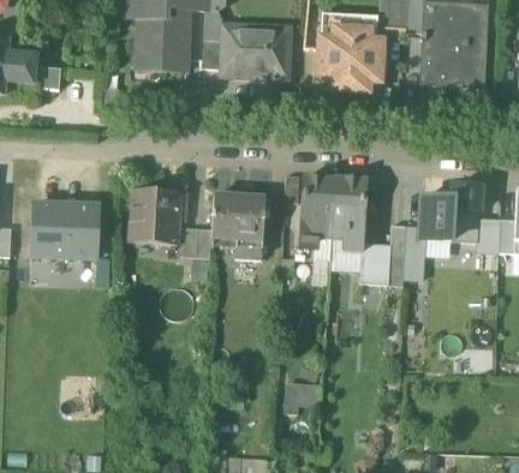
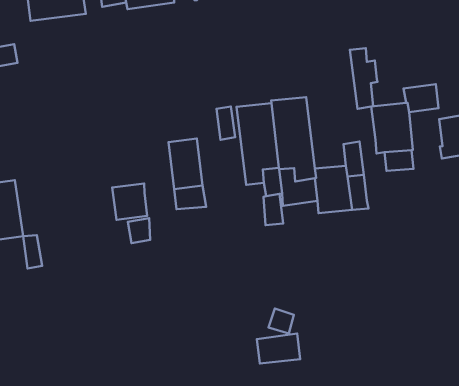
building: [130,186,185,244] -> none
building: [211,193,239,238] -> none
building: [452,206,481,241] -> none
building: [404,224,426,277] -> [350,48,377,109]

